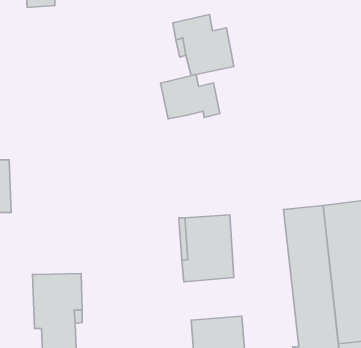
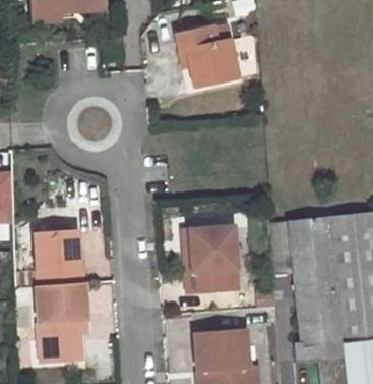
building: [160,74,220,119] -> none
building: none -> [39,233,85,286]

